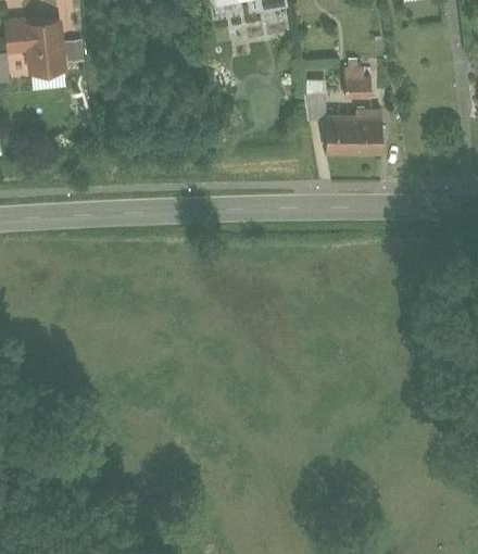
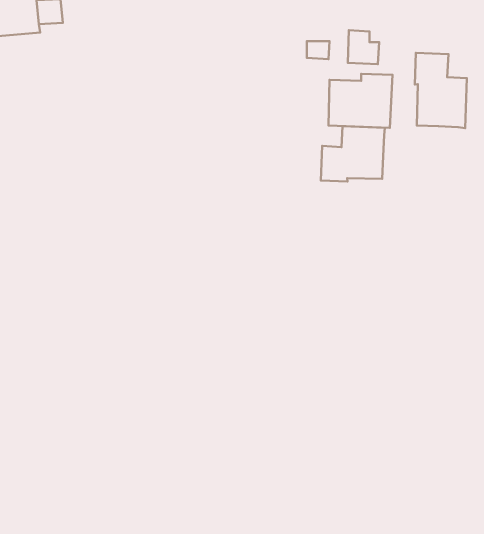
building: none -> [415,53,467,128]
building: none -> [321,126,385,181]

